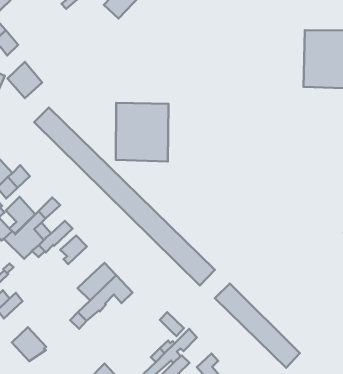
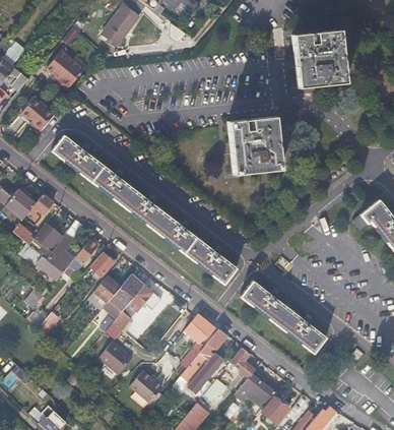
building: none -> [47,51,83,88]
building: [116,103,168,162] -> [225,116,280,174]
building: none -> [93,275,121,303]
building: [12,327,46,361] -> [102,342,134,373]

